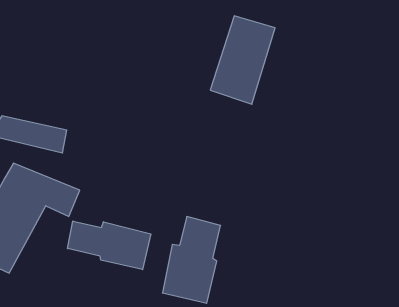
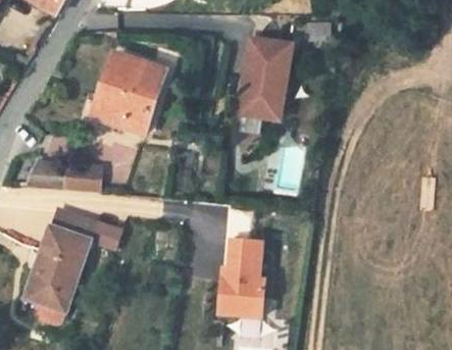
building: none -> [90,49,165,134]
building: [68,221,151,270] -> none

